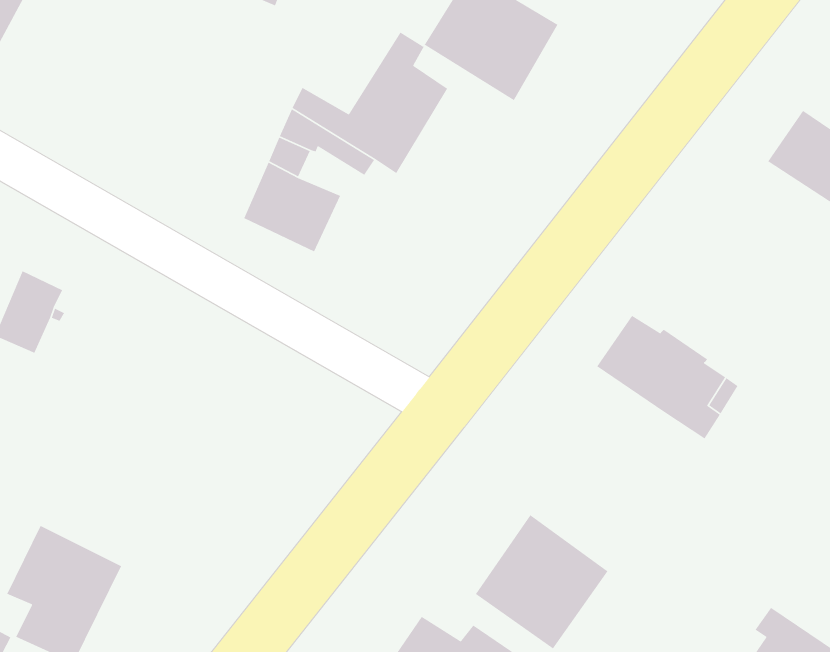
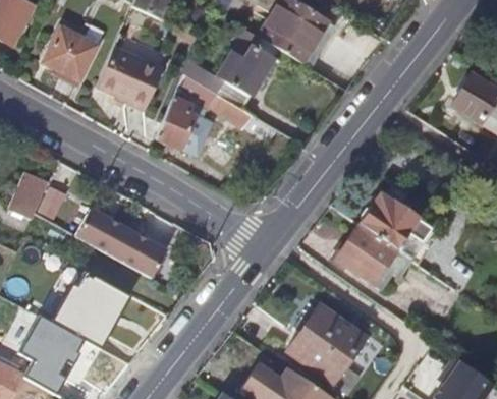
building: none -> [46,25,98,81]
building: none -> [98,43,165,102]
building: none -> [76,210,167,279]
building: none -> [332,222,395,284]
building: none -> [54,267,131,345]

